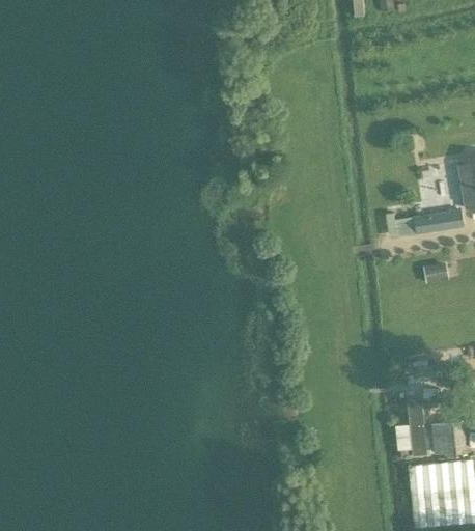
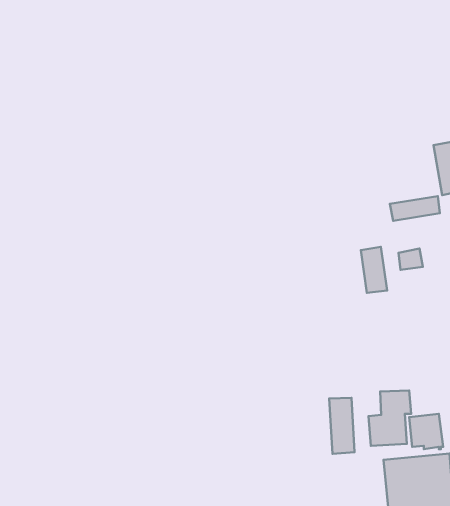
building: none -> [361,247,387,293]
building: none -> [329,398,355,454]

